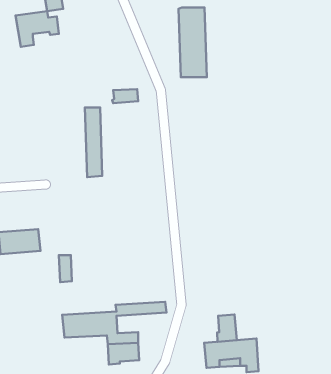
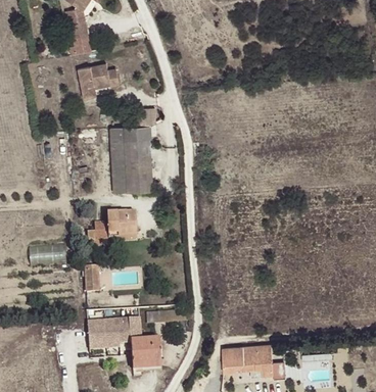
building: [179,8,207,77] -> [124,126,150,191]
building: [16,11,59,47] -> [77,62,118,96]
building: none -> [87,211,136,242]
building: [217,315,237,342] -> none

